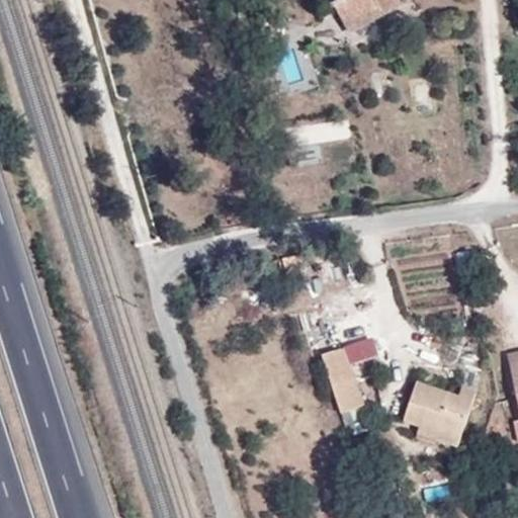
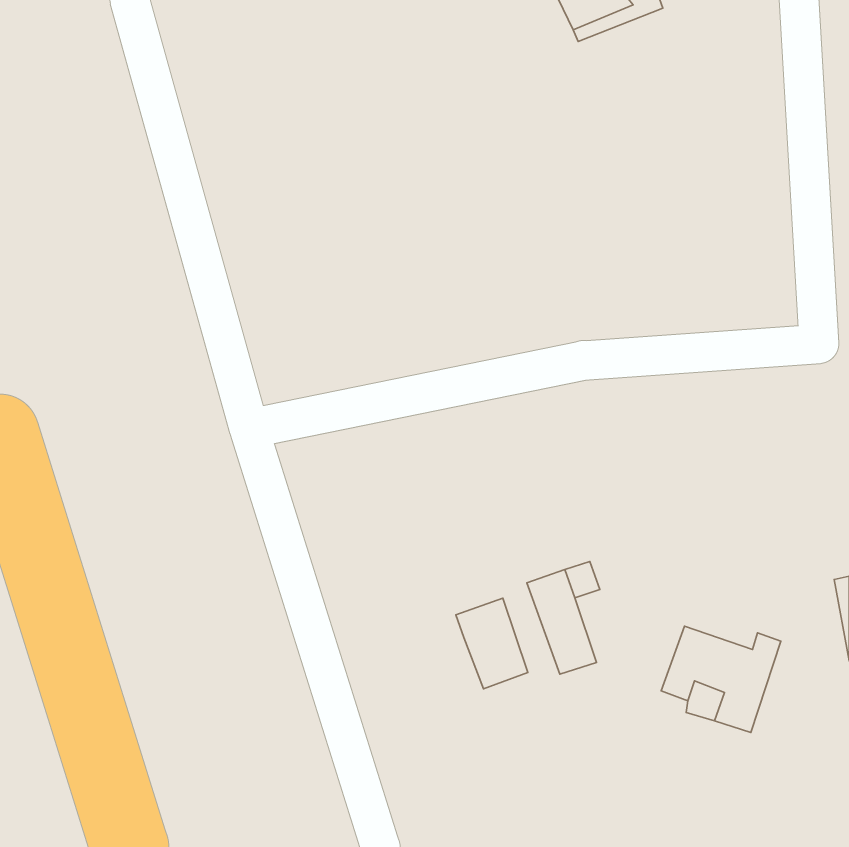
building: none -> [456,598,528,689]

